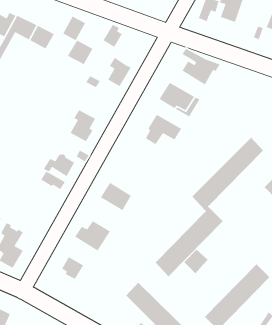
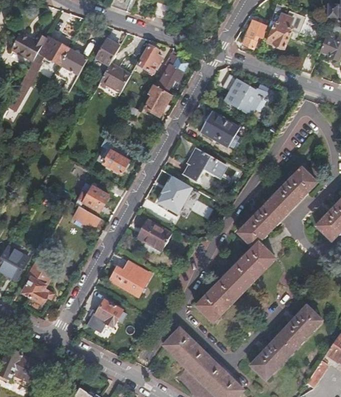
building: none -> [152,63,184,92]
building: none -> [155,176,196,219]
building: [183,249,208,274] -> none

